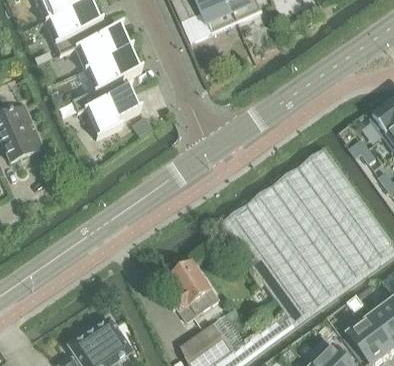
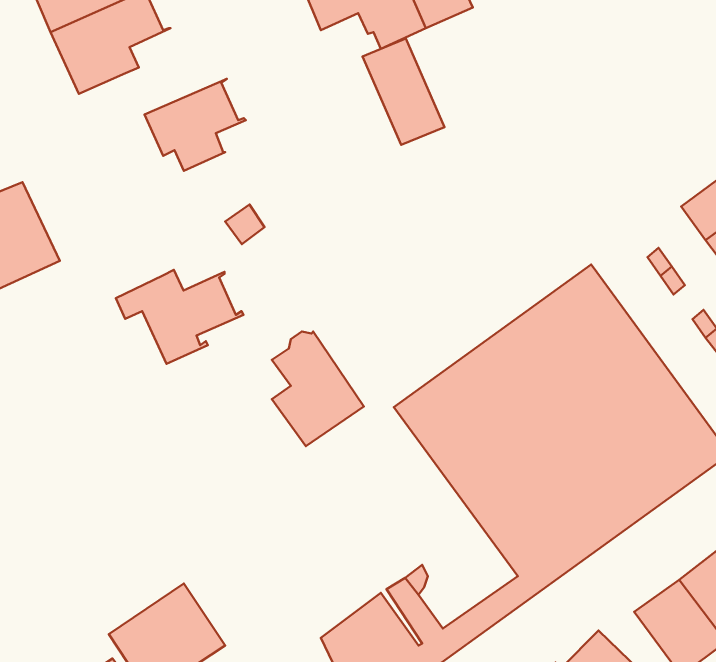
building: [77,21,131,67] -> none
building: none -> [363,39,444,145]
building: [72,86,140,136] -> [116,270,243,364]
building: [170,260,219,321] -> [272,332,364,446]

